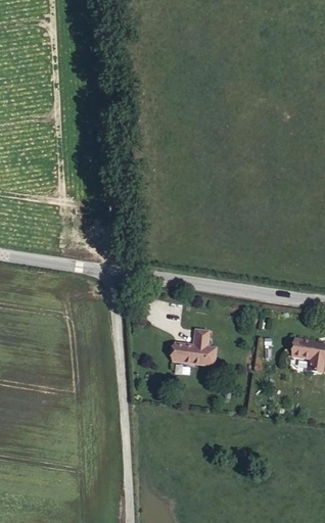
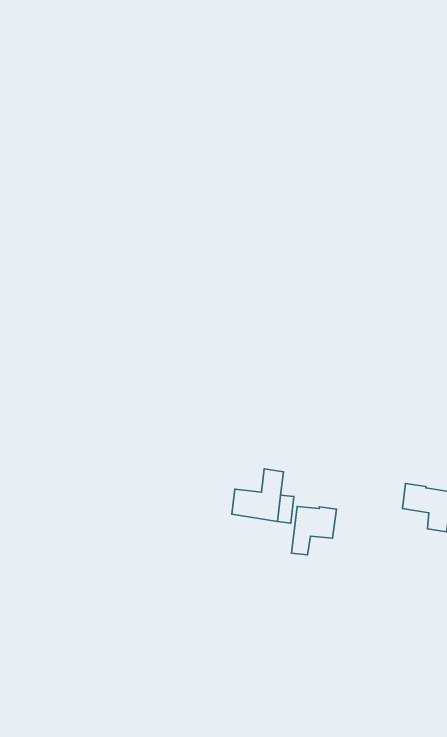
building: none -> [292,507,337,555]

